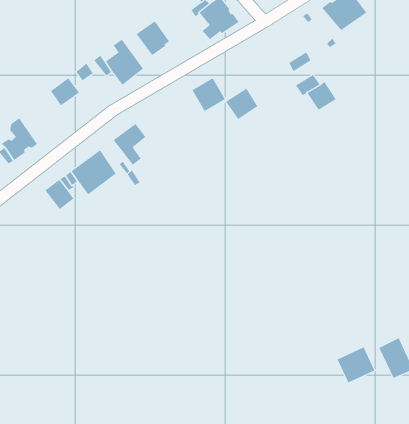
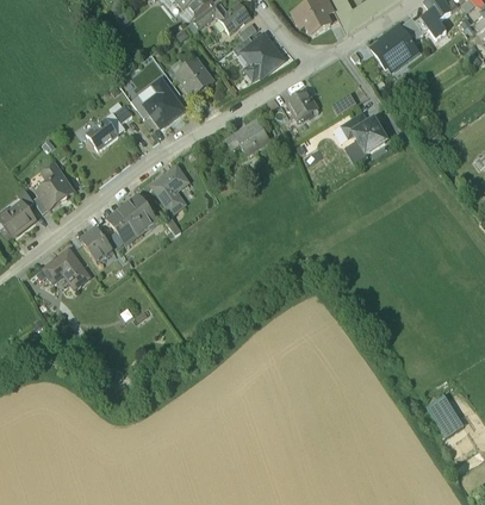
building: [225,88,258,120] -> [284,89,318,123]
building: none -> [42,244,88,282]
building: [337,346,375,383] -> none

